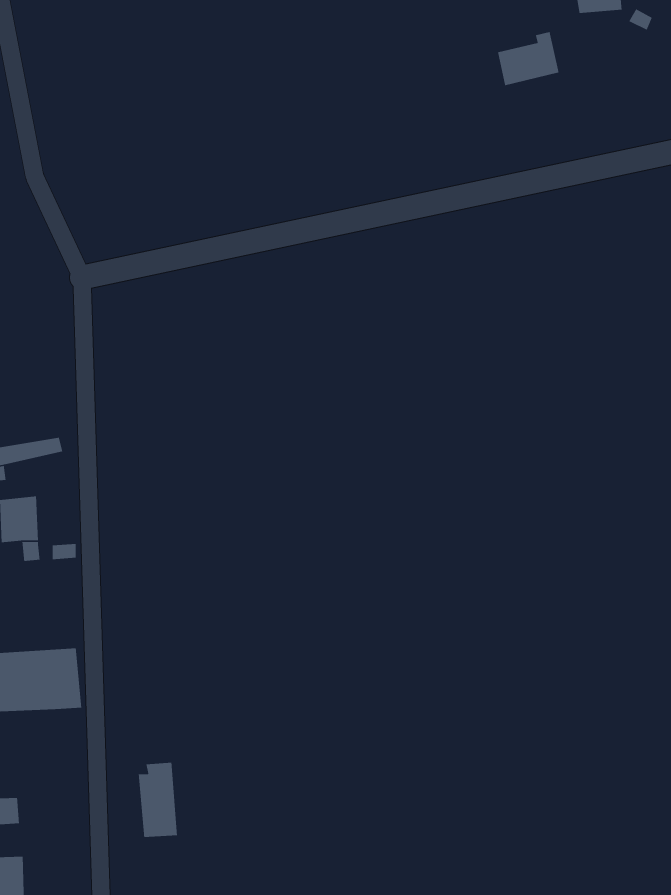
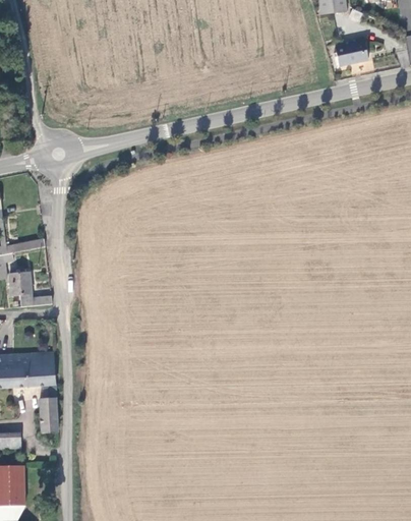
building: [497,31,560,86] -> [333,38,366,67]
building: [138,762,178,838] -> [37,392,58,432]

